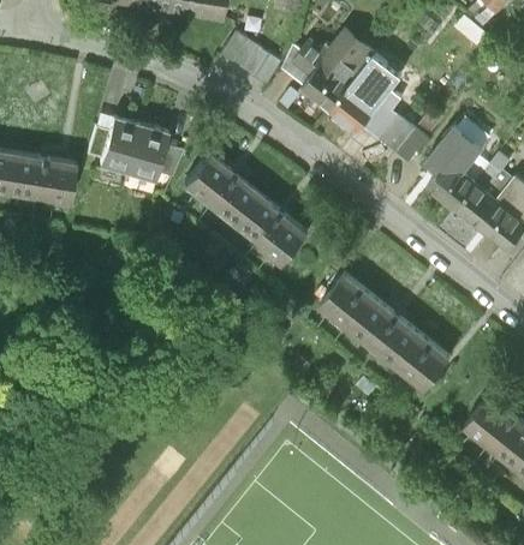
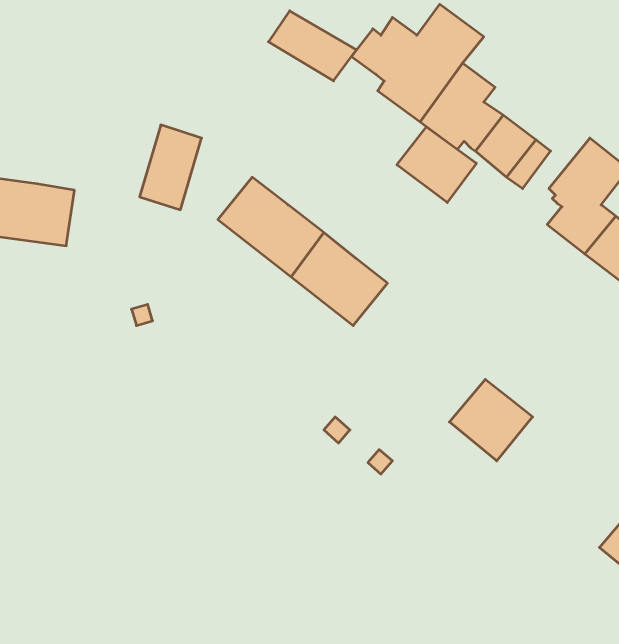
building: [97,109,141,169] -> none
building: none -> [397,127,476,203]
building: [318,275,380,335] -> none
building: [388,331,449,393] -> none

